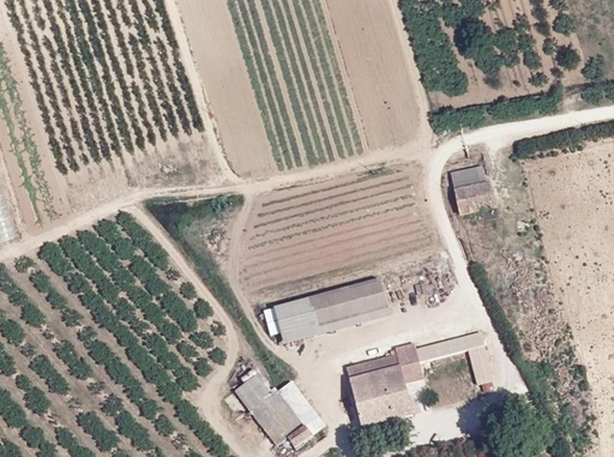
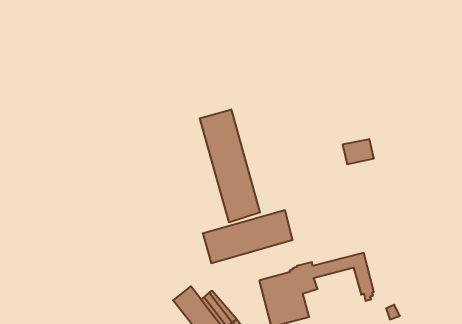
building: none -> [200,109,260,222]
building: [451,164,486,190] -> none

